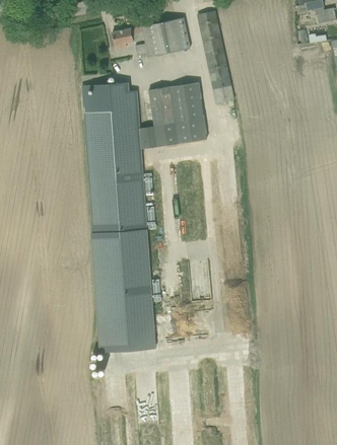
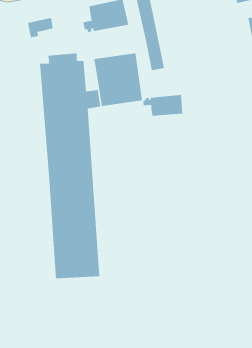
building: [112,26,143,51] -> [27,18,53,38]
building: none -> [143,94,183,117]

